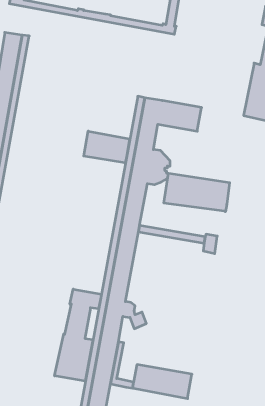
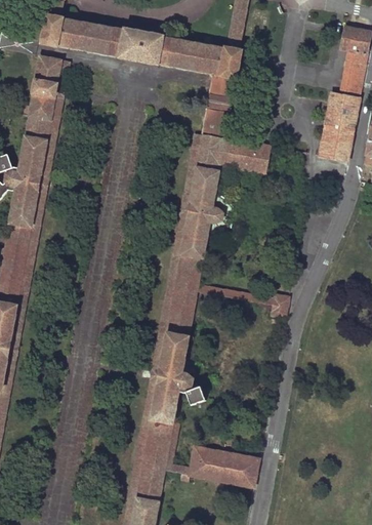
building: none -> [42,23,239,136]
building: [84,131,130,163] -> none
building: [164,173,230,212] -> none
building: [55,289,101,381] -> none

